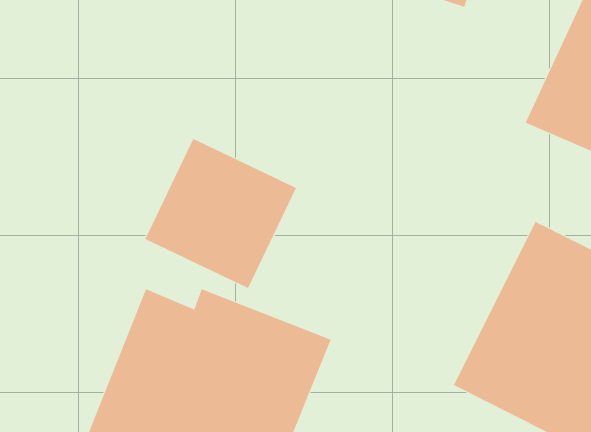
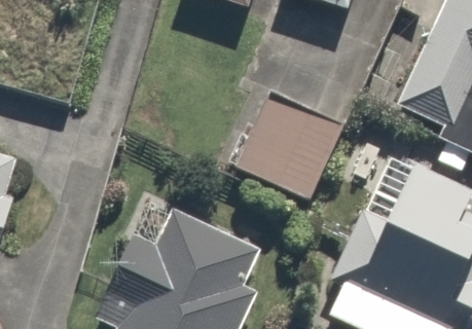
building: [145,138,297,289] -> [234,96,341,202]

